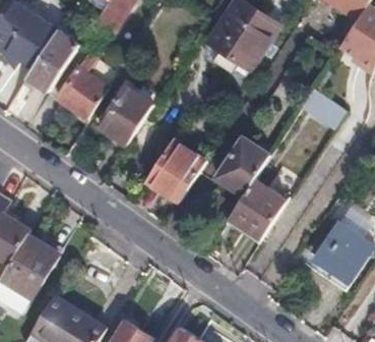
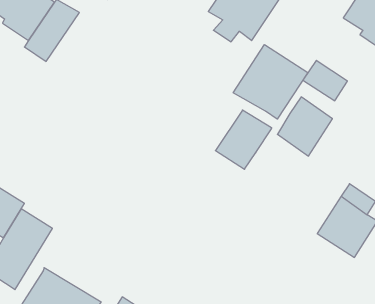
building: [58,50,110,118] -> none
building: none -> [233,45,308,119]
building: [100,84,154,145] -> none
building: [145,137,206,203] -> none
building: [231,179,285,237] -> [277,97,332,156]

